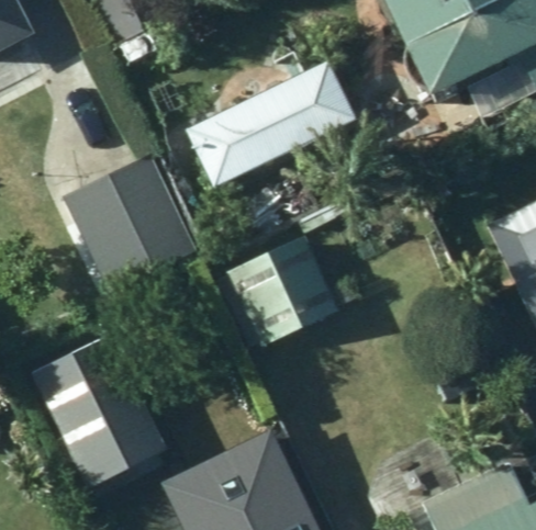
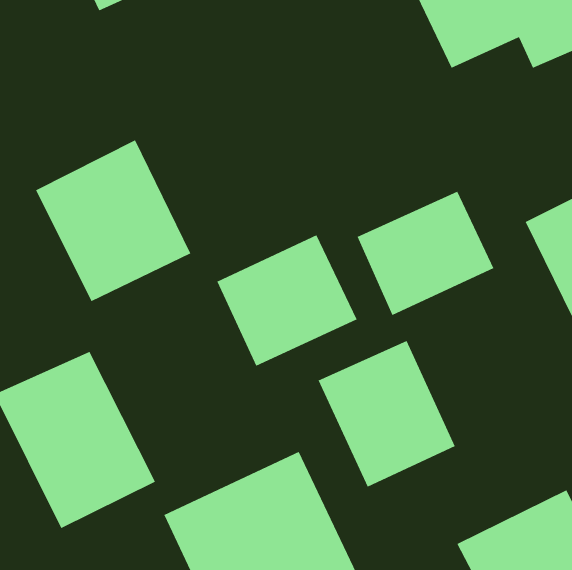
building: [182,60,355,190] -> none
building: none -> [357,191,494,316]
building: none -> [318,340,456,487]

